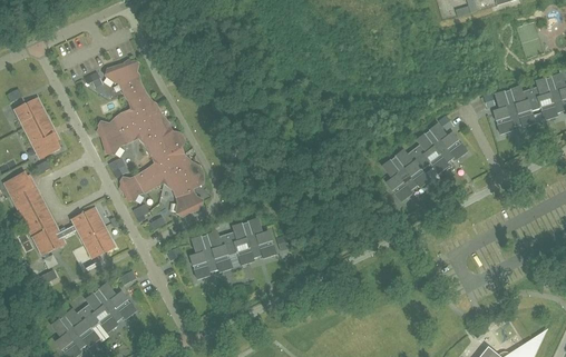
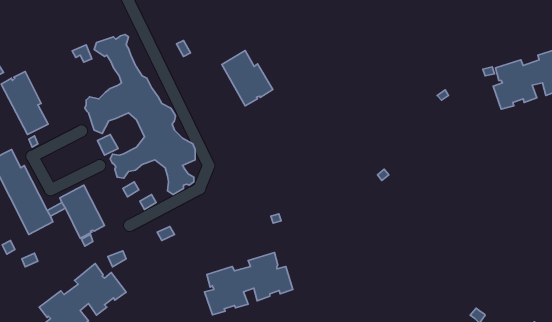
building: none -> [222,50,273,106]
building: [382,123,466,201] -> none
building: [189,218,275,278] -> [205,253,293,315]

